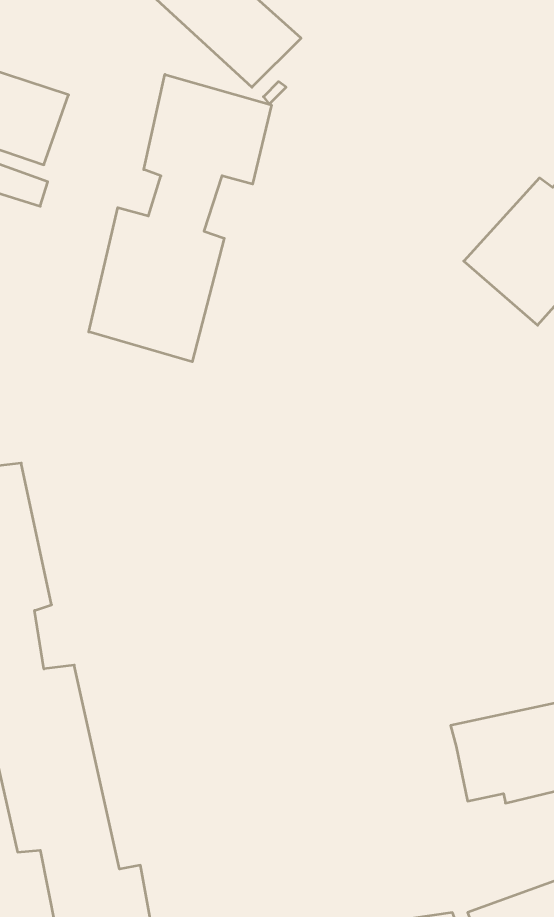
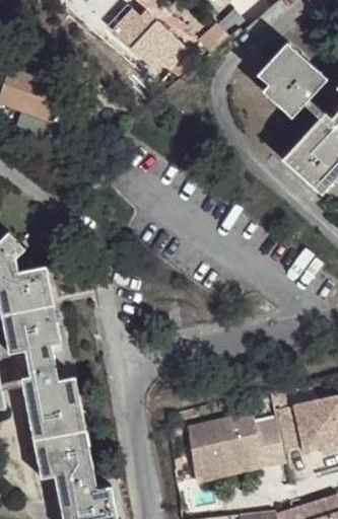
building: none -> [257,48,325,123]
building: [89,74,271,362] -> none
building: none -> [190,417,287,483]

